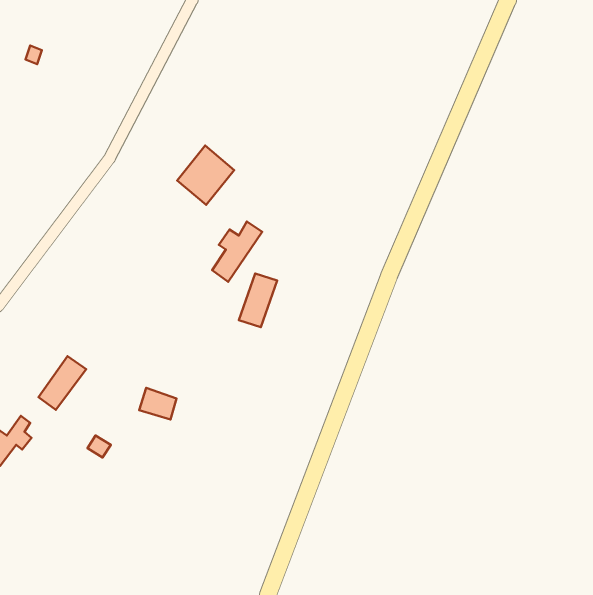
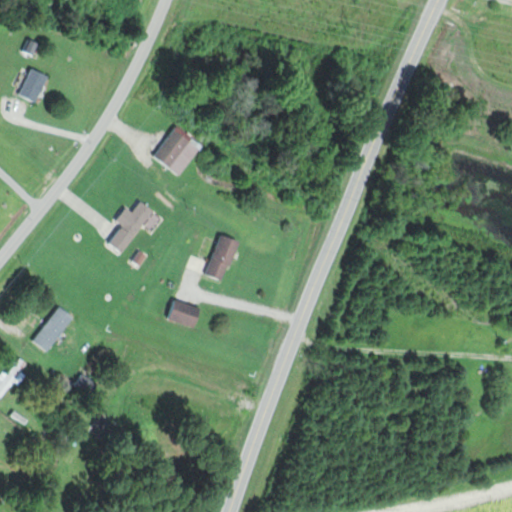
building: none -> [17,67,48,103]
building: [212,221,262,282] -> [109,201,152,253]
building: [139,388,176,419] -> [168,300,200,327]

